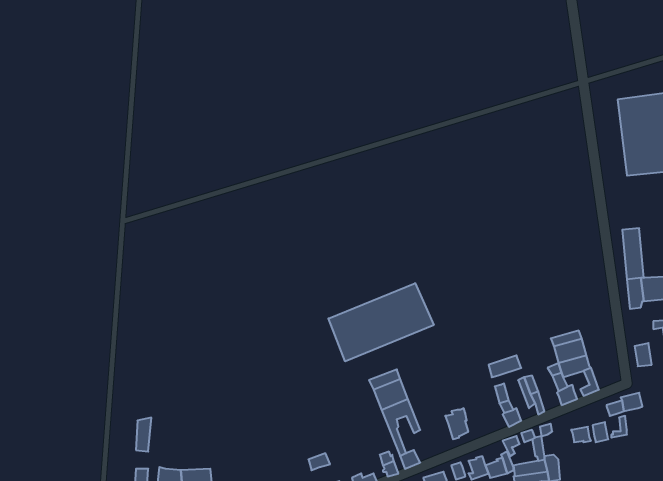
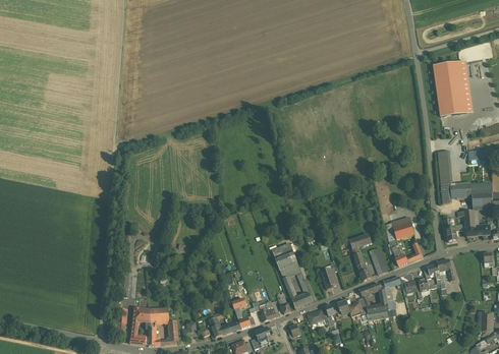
building: [328,283,434,361] -> none

